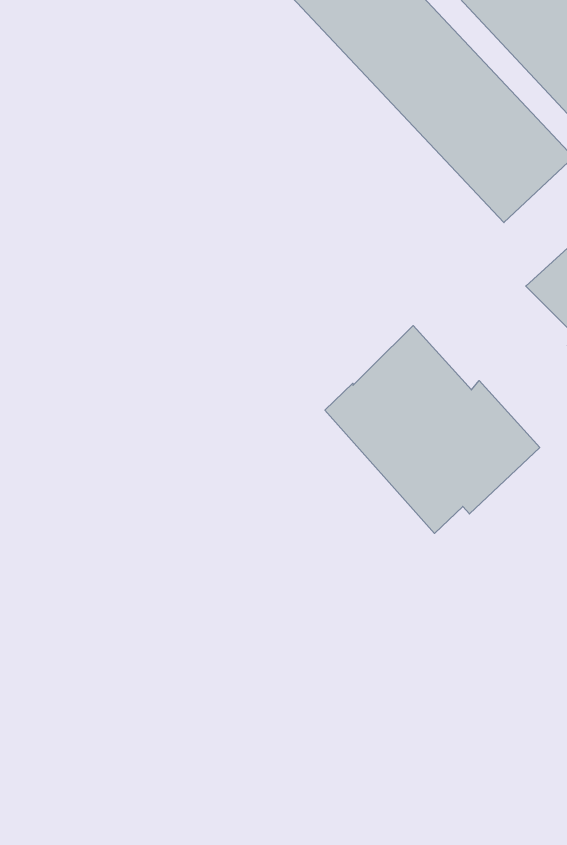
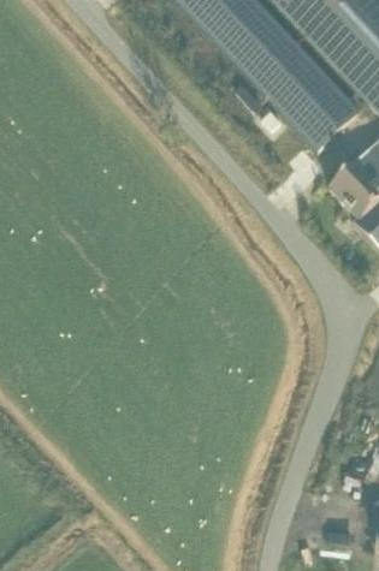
building: [325,326,540,533] -> none

